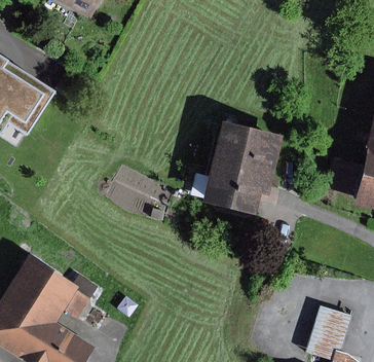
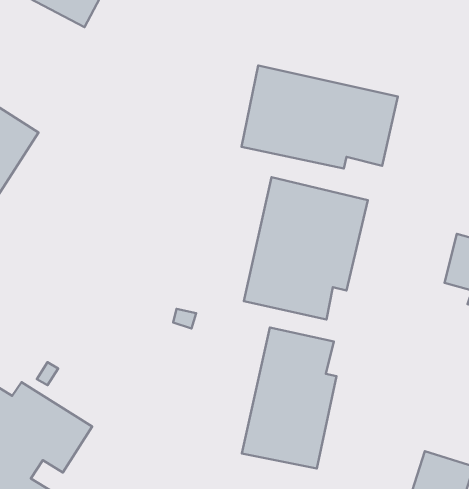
building: none -> [242,66,398,168]
building: none -> [242,327,336,468]

